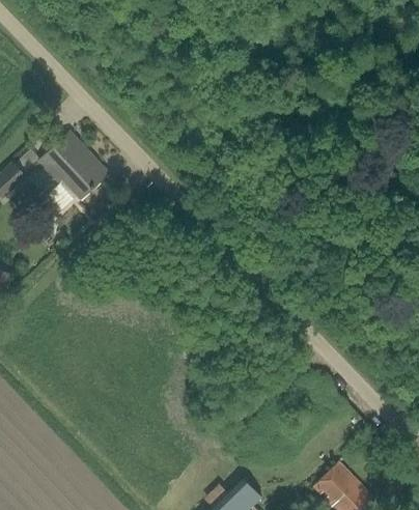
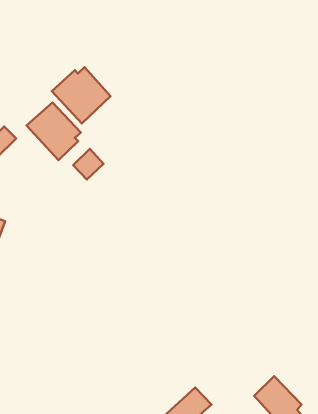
building: none -> [52,67,111,123]
building: none -> [73,149,104,179]

